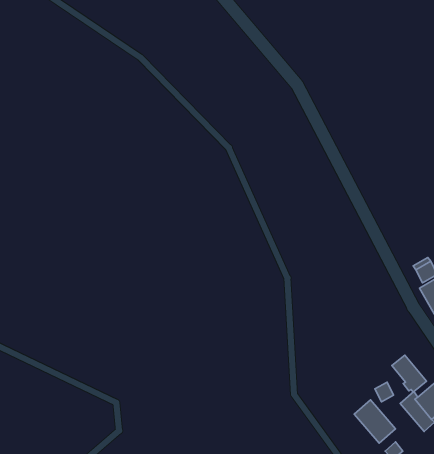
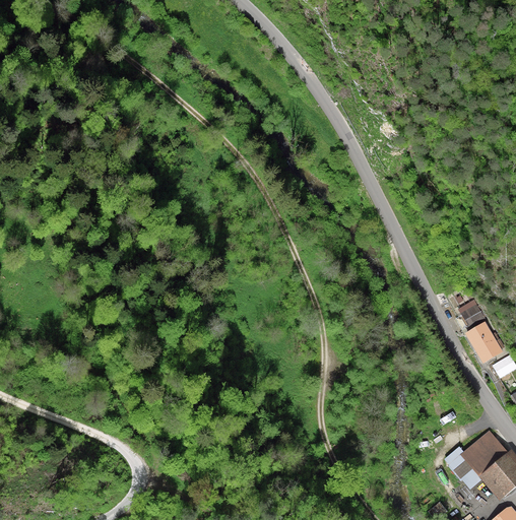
building: [392,355,426,392] -> none
building: [354,400,396,443] -> none

